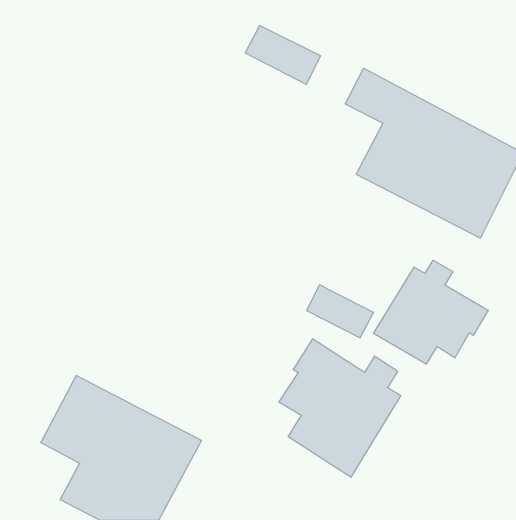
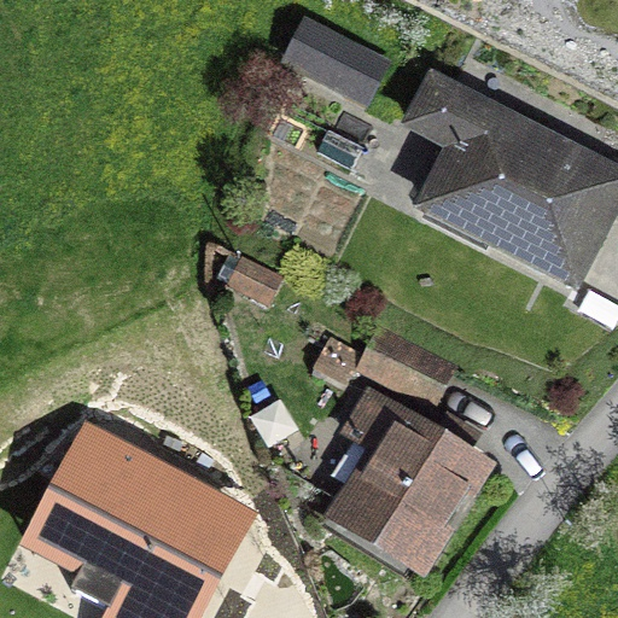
building: [374,260,488,364] -> none

